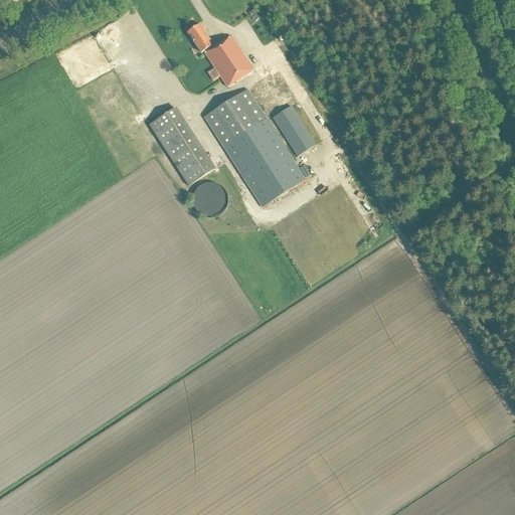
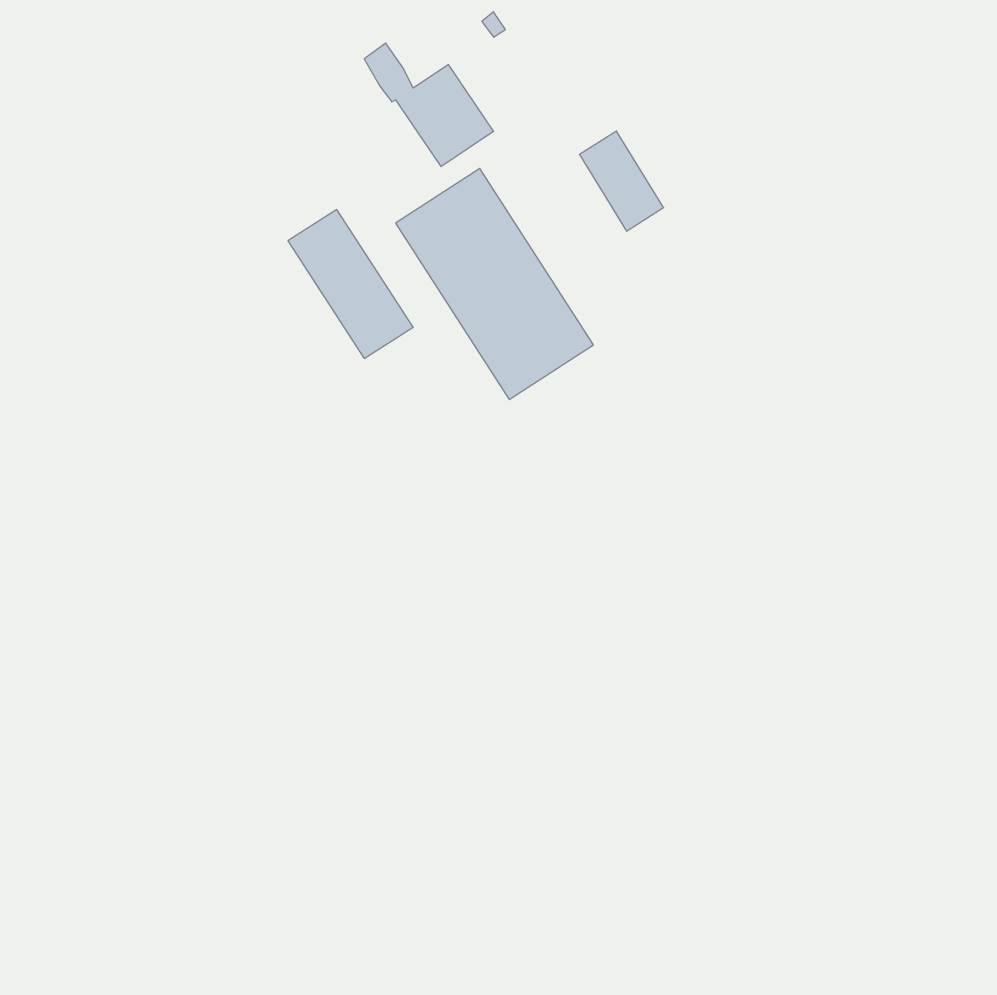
building: [272,104,315,155] -> [579,131,664,231]
building: [191,182,226,217] -> none

